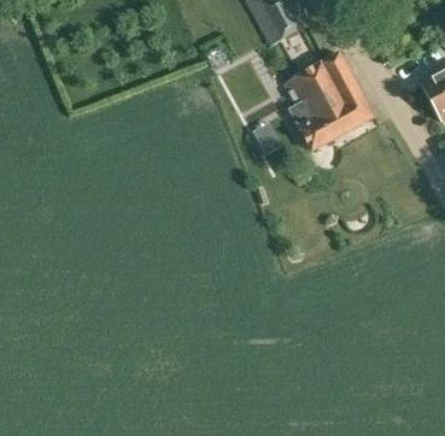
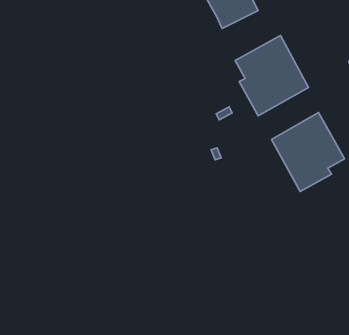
building: none -> [272,112,344,191]

